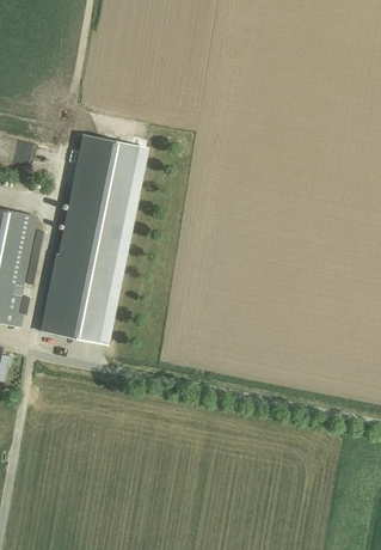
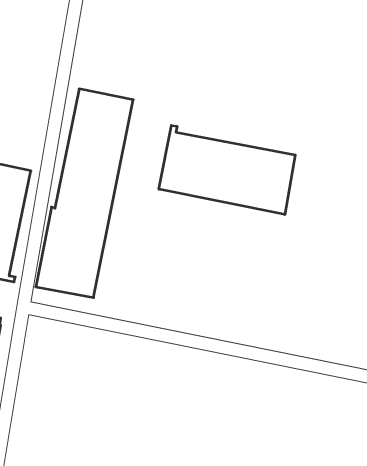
building: none -> [159,125,295,215]

